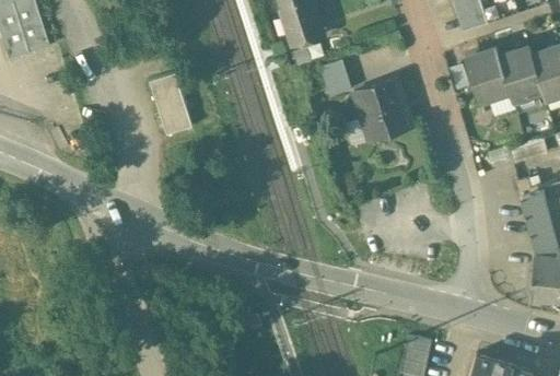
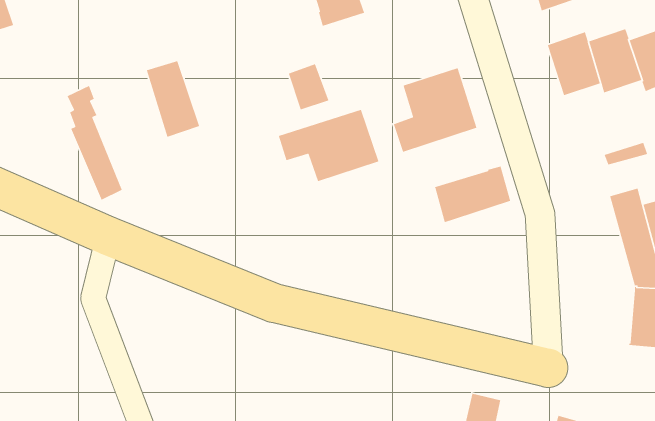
building: [320,60,353,97] -> [288,63,329,110]
building: none -> [67,85,123,201]
building: none -> [278,109,379,182]
building: none -> [434,166,511,223]

